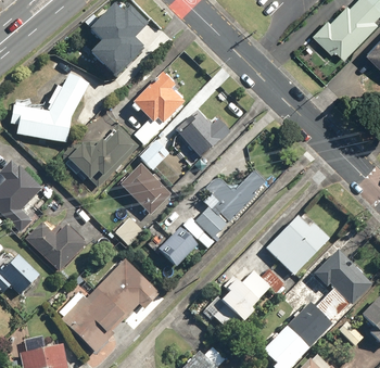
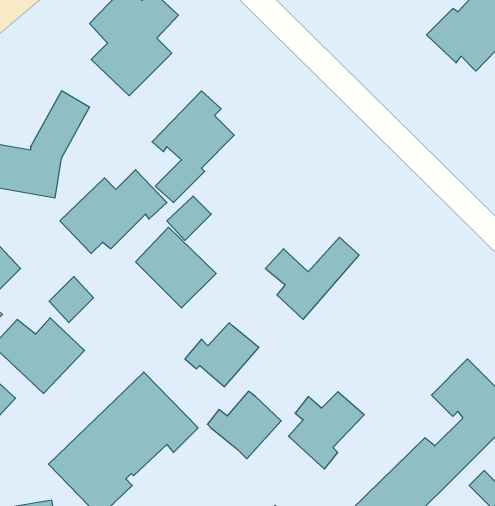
building: [175,110,230,158] -> none
building: [181,204,230,249] -> [207,391,281,459]
building: [265,211,331,277] -> none
building: [115,217,144,248] -> [49,277,94,323]

